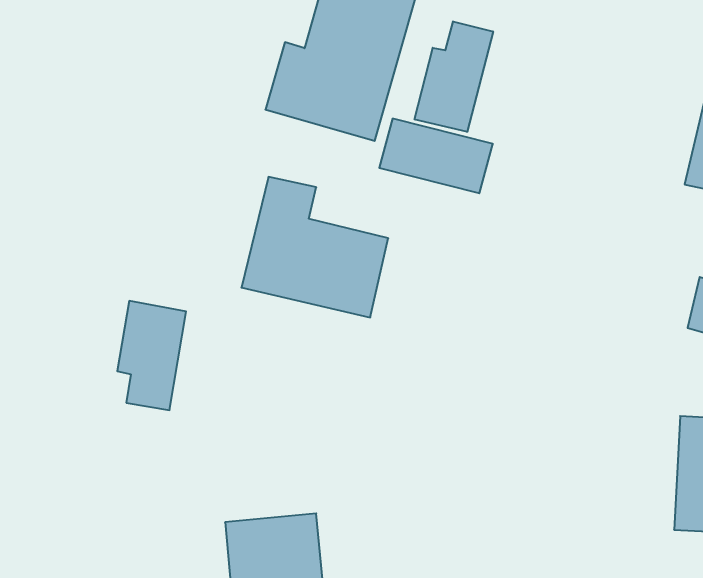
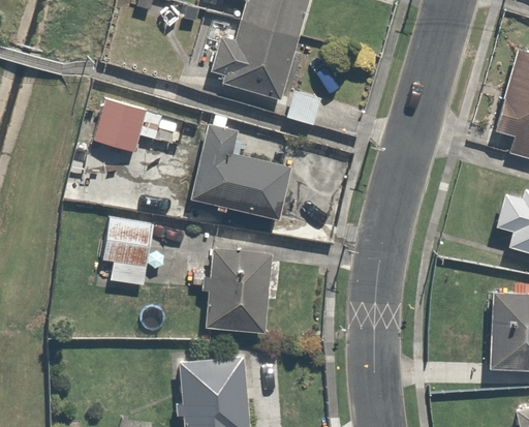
building: [415,21,493,132] -> none
building: none -> [93,98,181,155]
building: none -> [205,248,276,336]

